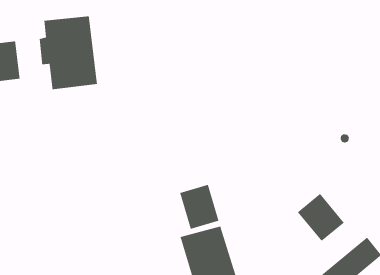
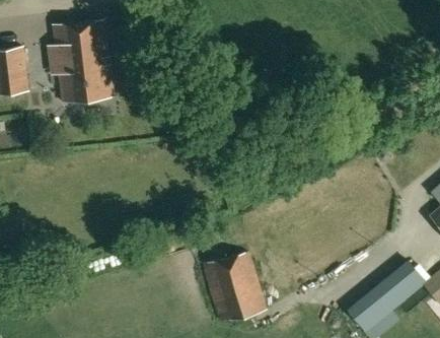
building: [179,184,220,230] -> none
building: [297,193,345,242] -> none

